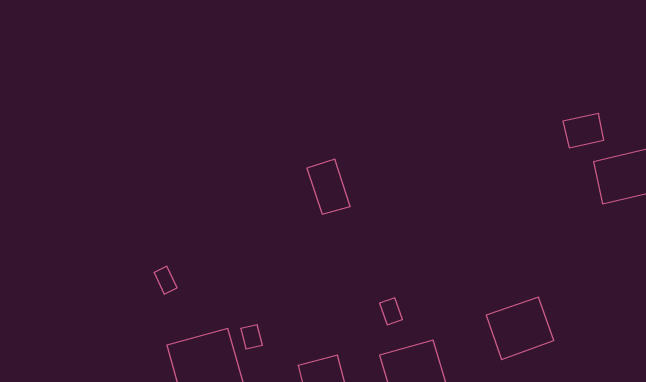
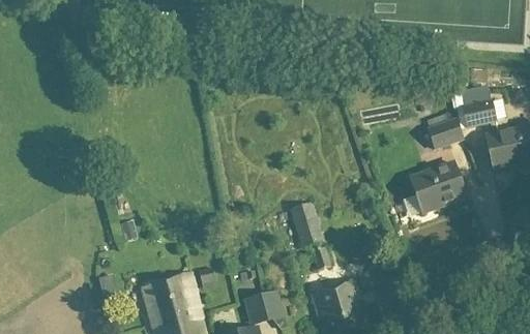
building: none -> [426,116,462,148]
building: [307,159,350,214] -> [288,198,323,242]
building: [486,297,554,360] -> [410,161,465,212]

